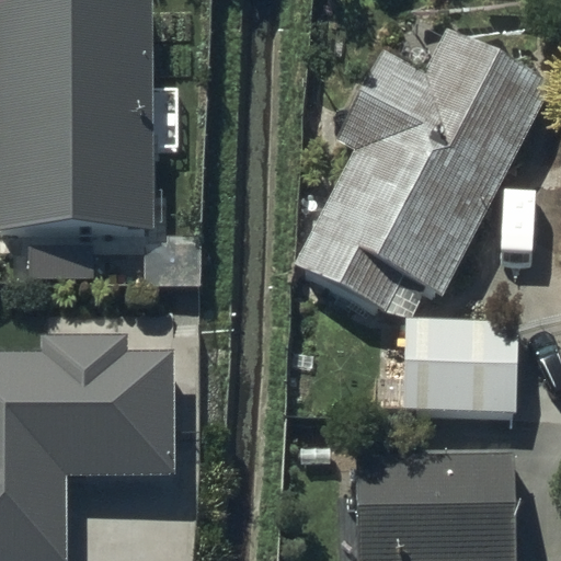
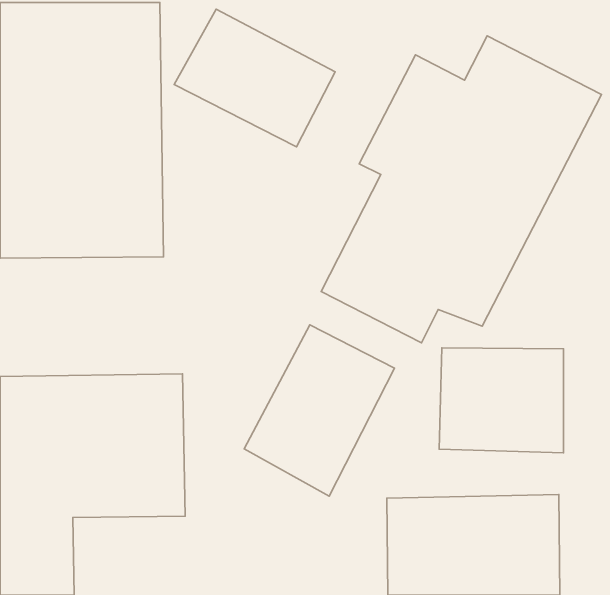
building: none -> [174,9,335,147]
building: none -> [244,325,394,496]

